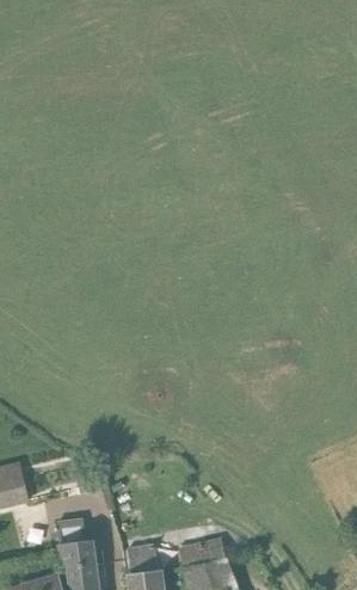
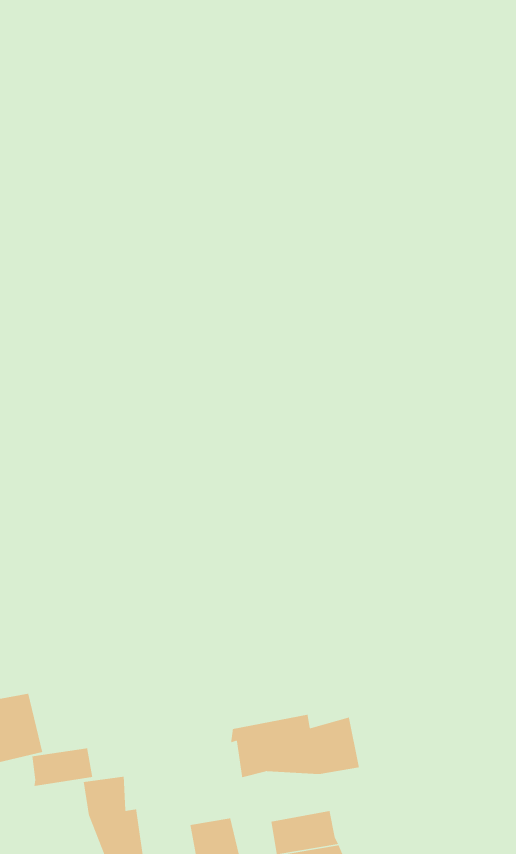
building: none -> [230,714,360,778]
building: none -> [32,748,93,787]

